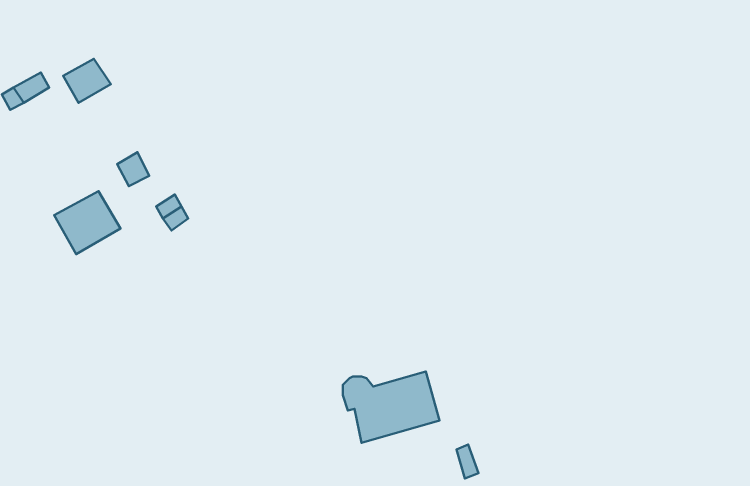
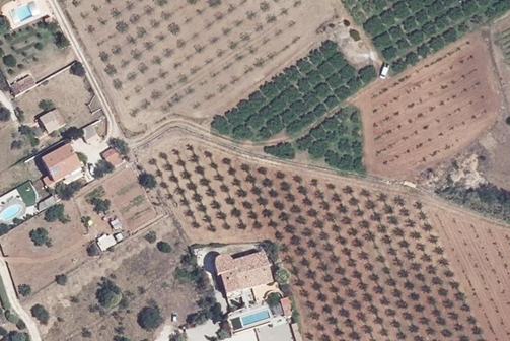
building: [63,59,111,103] -> [39,107,67,133]

